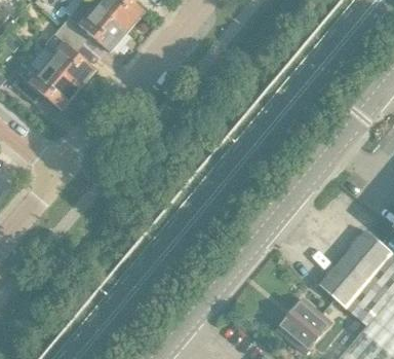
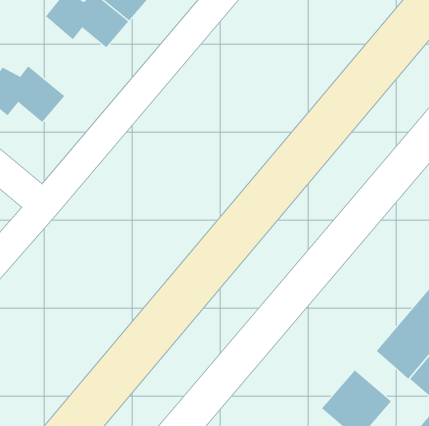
building: [38,26,96,87] -> none

